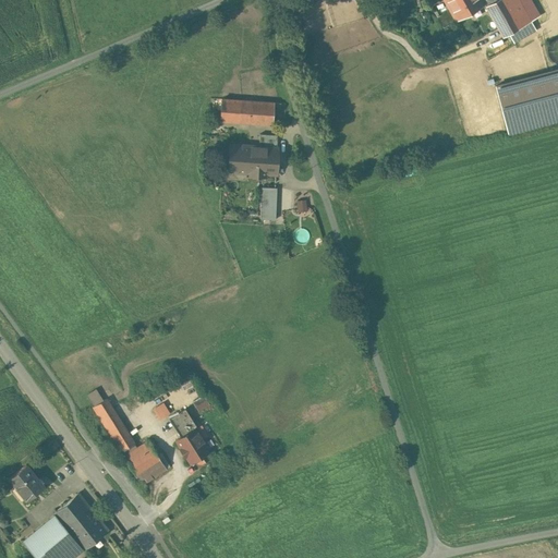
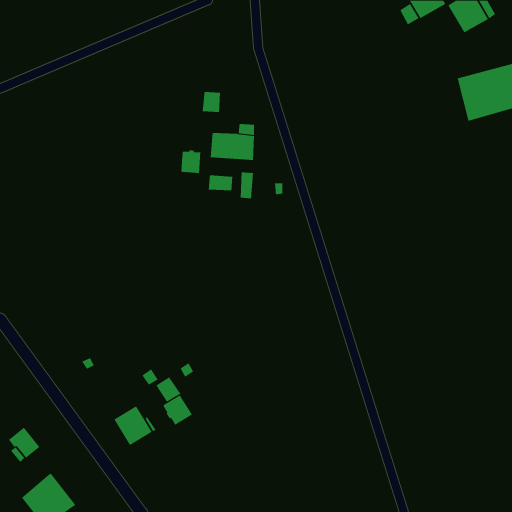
building: [240,101,275,125] -> none
building: none -> [181,150,201,174]
building: none -> [208,174,233,191]
building: [94,400,135,452] -> none
building: [56,494,108,549] -> none

